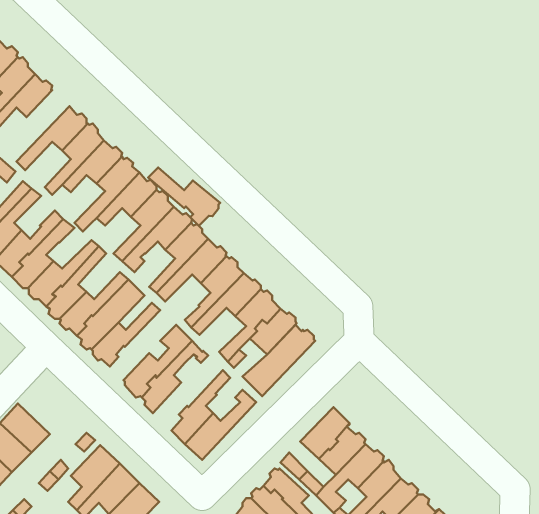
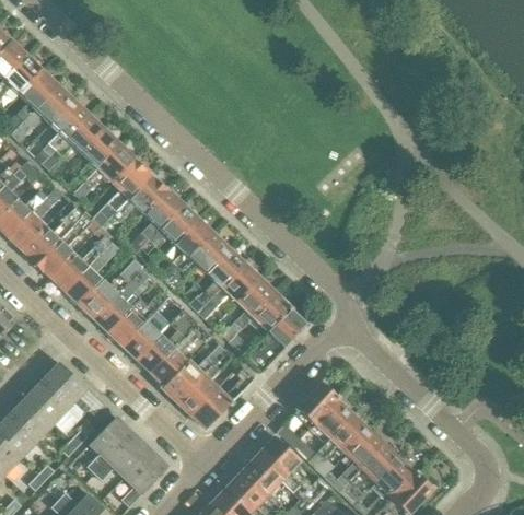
building: none -> [34,100,89,163]
building: [148,167,220,226] -> none
building: none -> [125,295,184,358]
building: none -> [163,343,225,402]
building: none -> [43,362,88,406]

